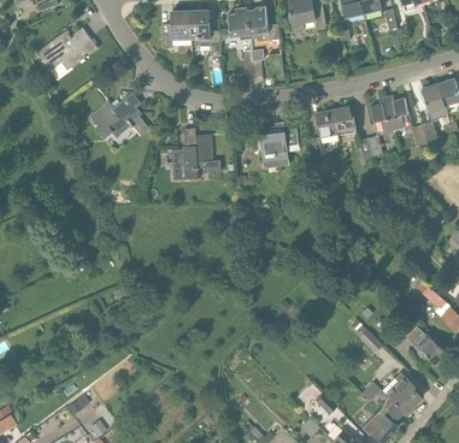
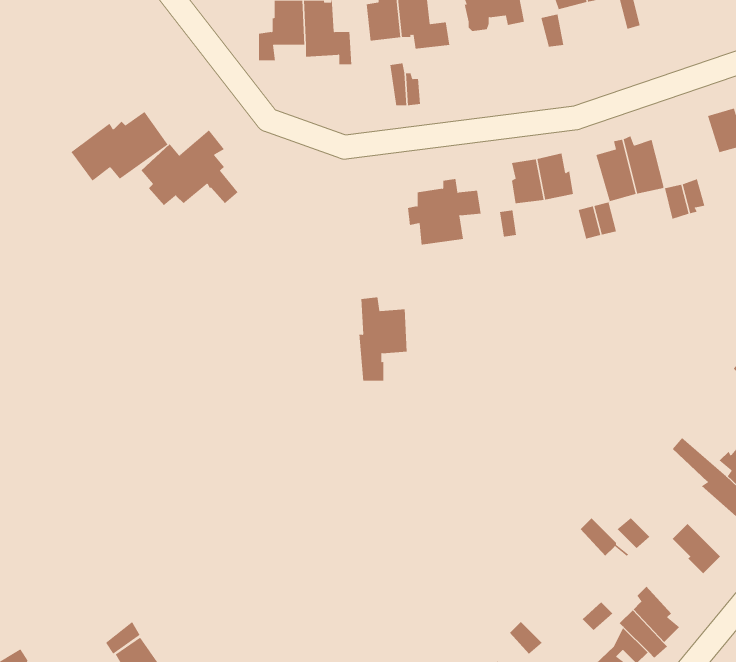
building: [37,28,98,71] -> [70,111,169,182]
building: [422,83,448,125] -> none
building: [183,128,213,179] -> [359,297,408,381]

